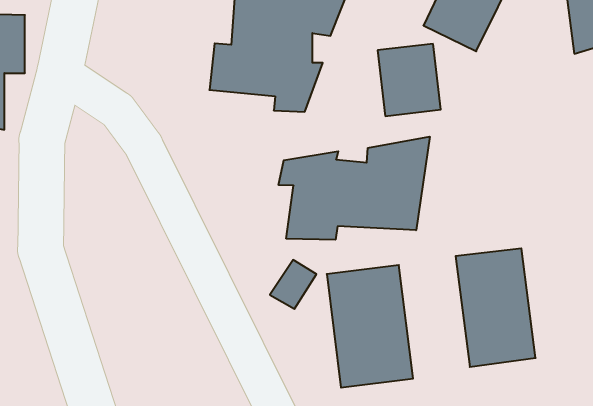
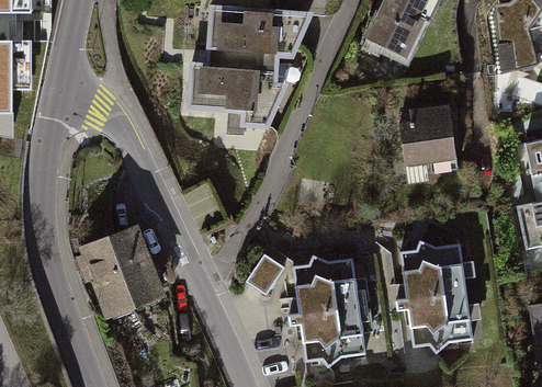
building: [378,44,441,116] -> [400,114,454,175]
building: [279,137,430,240] -> none
building: none -> [80,229,158,318]

